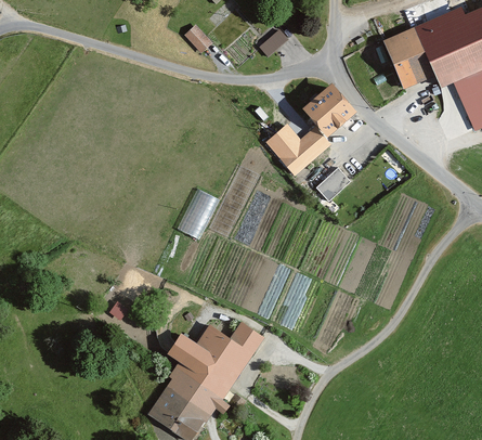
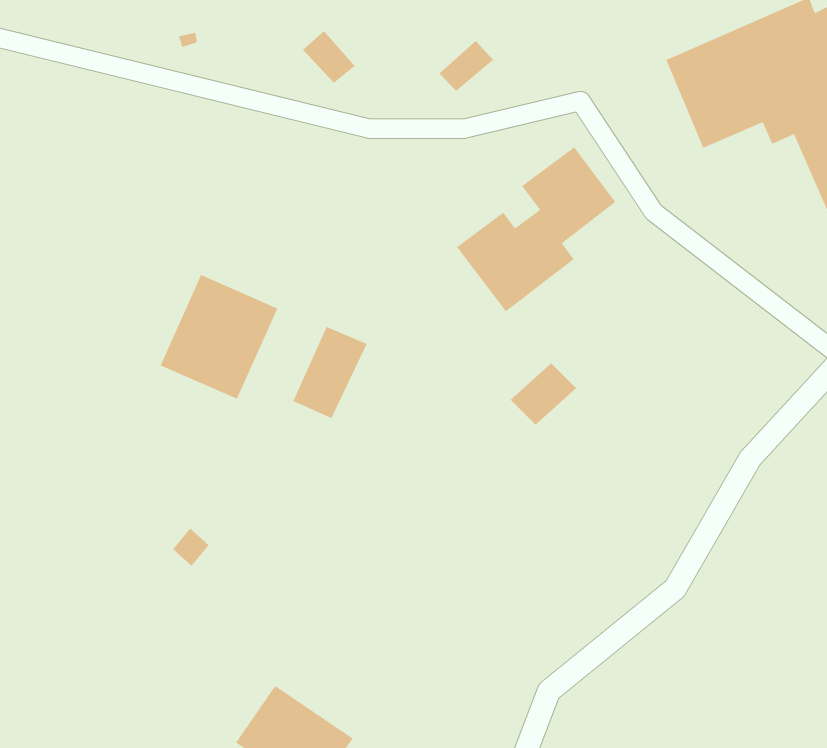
building: none -> [160,274,278,400]
building: [315,164,352,198] -> [510,362,577,426]
building: [168,322,262,412] -> none

